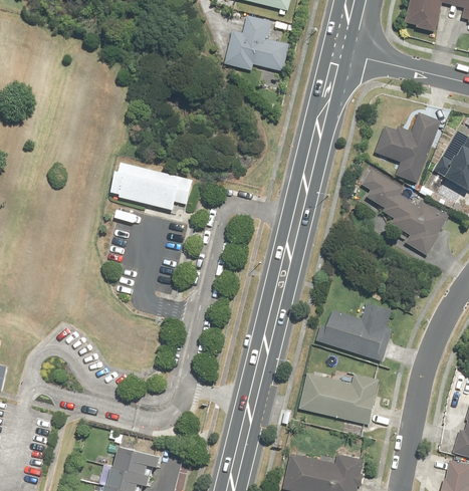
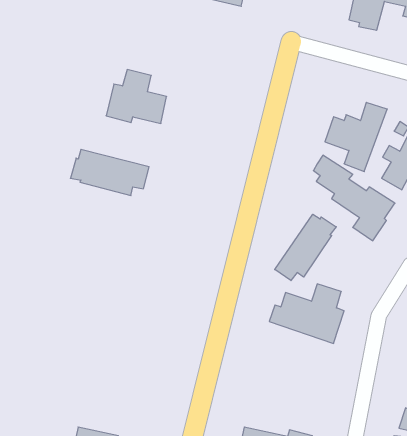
building: [225,16,288,72] -> [106,70,167,123]
building: none -> [275,214,336,281]
building: [300,372,382,424] -> none

